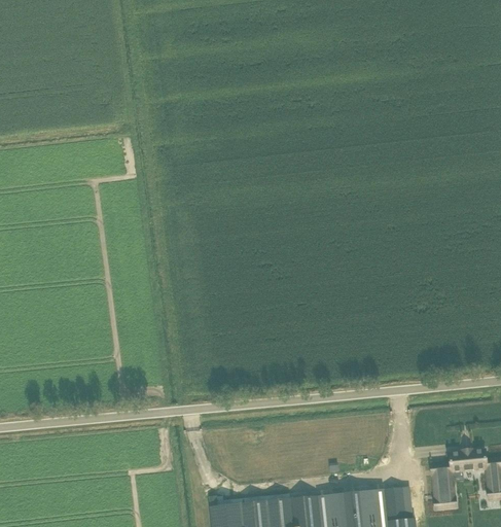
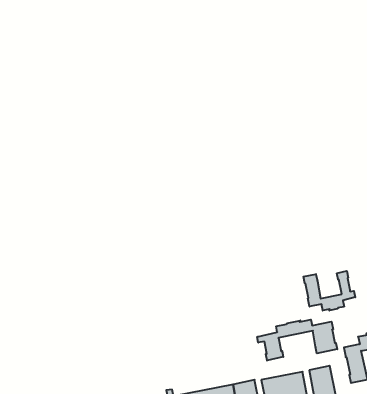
building: none -> [303,271,355,311]
building: none -> [257,320,337,361]

